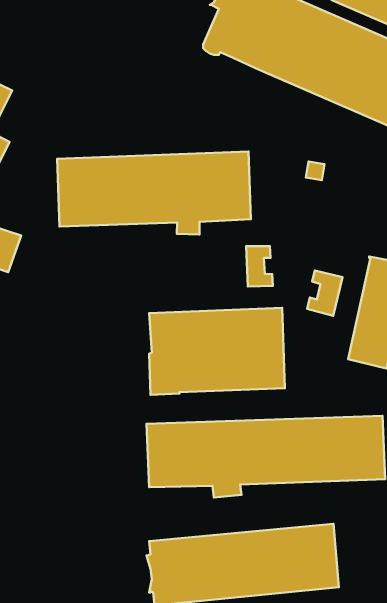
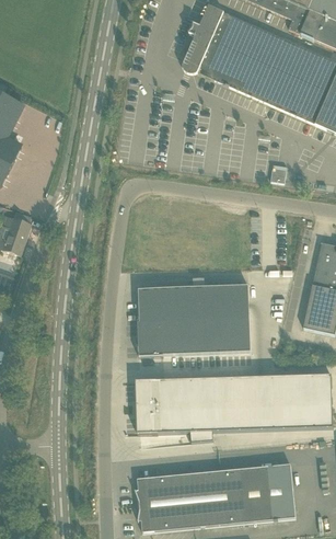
building: [57,151,251,235] -> none
building: [246,246,273,287] -> none
building: [307,270,342,316] -> none

